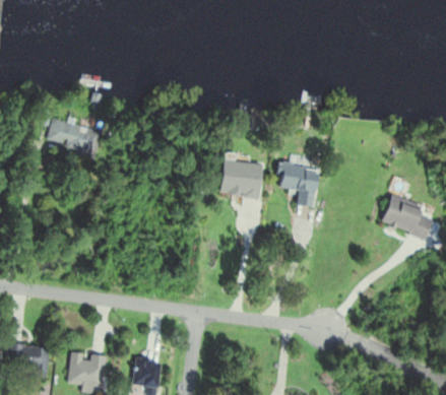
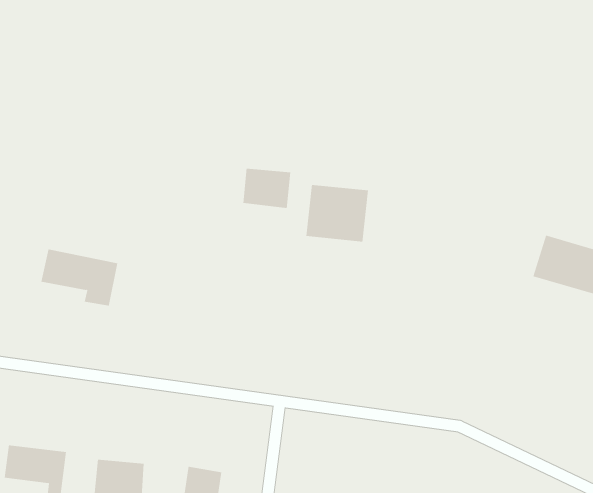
building: [46,120,101,160] -> [41,249,118,306]
building: none -> [243,168,291,209]
building: [274,163,316,206] -> none

